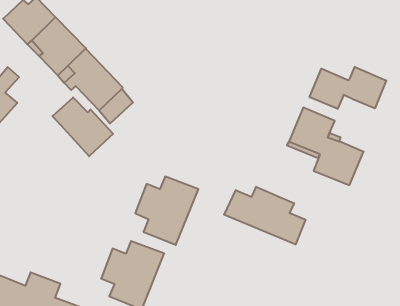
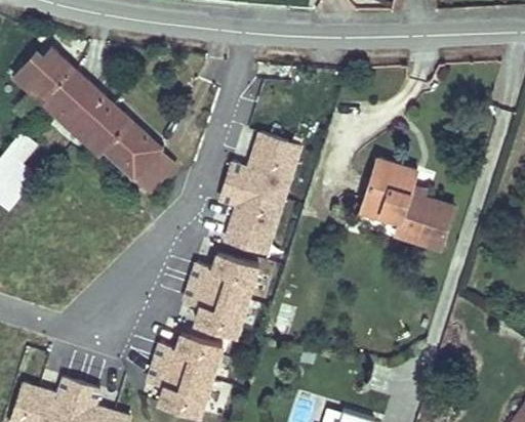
building: [310,67,386,109] -> none
building: none -> [220,132,299,252]
building: [52,97,113,156] -> none
building: [224,187,306,244] -> none

